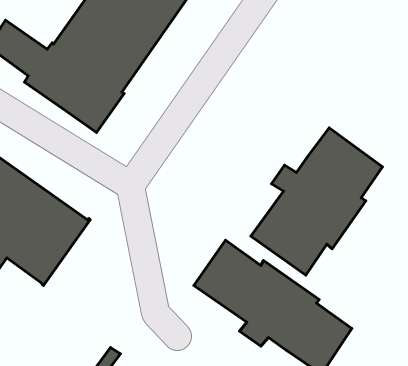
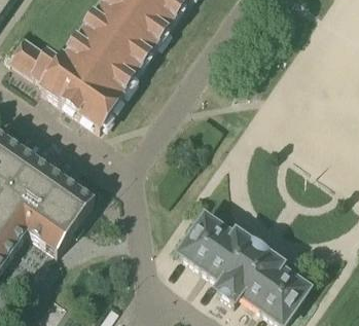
building: [251,128,383,275] -> none

